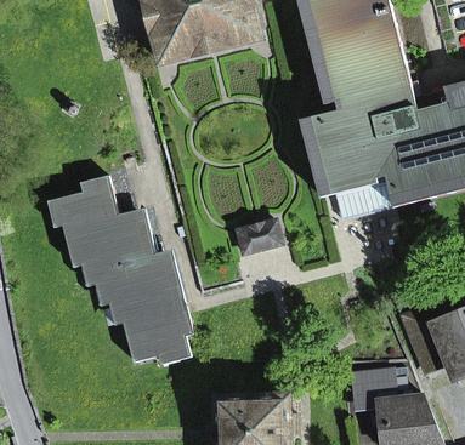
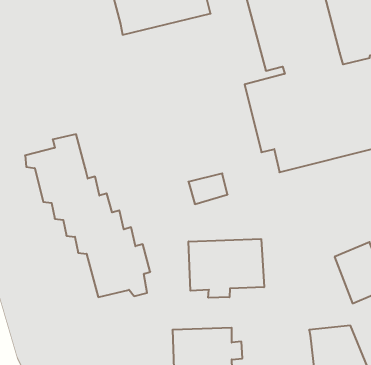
building: [118,210,183,306] -> none
building: none -> [189,239,264,298]
building: [350,370,396,410] -> none

